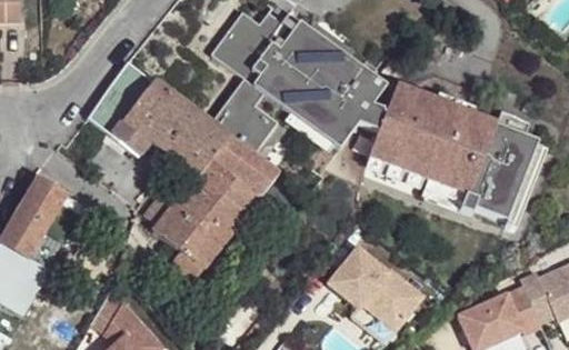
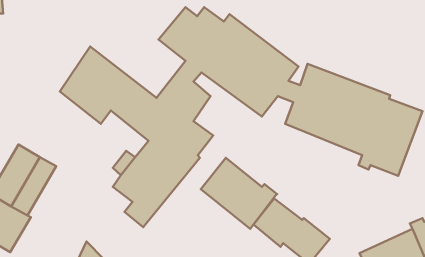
building: none -> [201,158,277,229]

